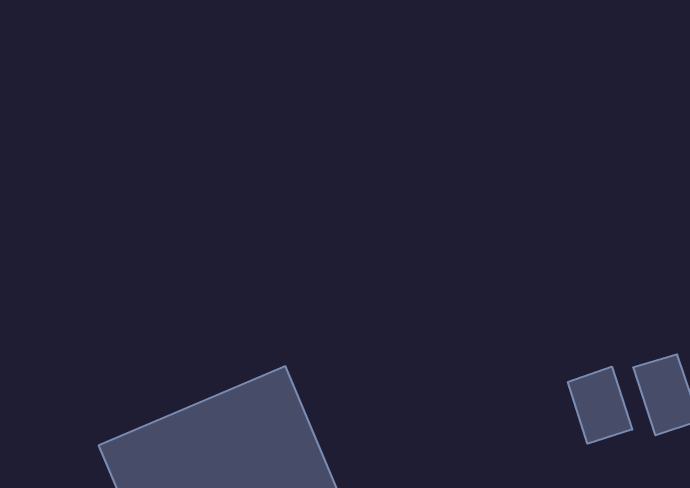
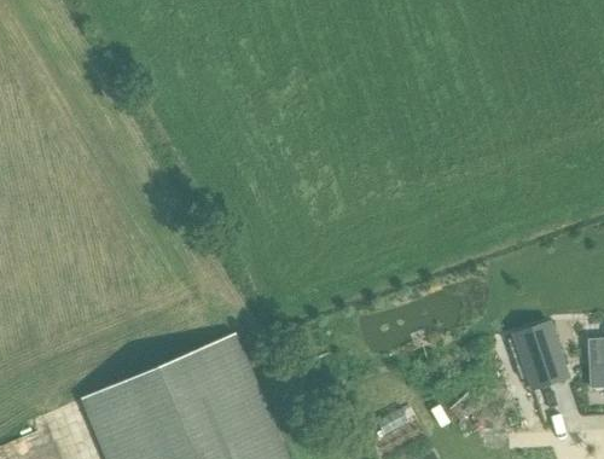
building: [568,367,632,444] -> none

